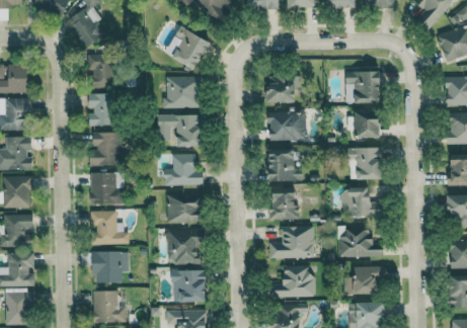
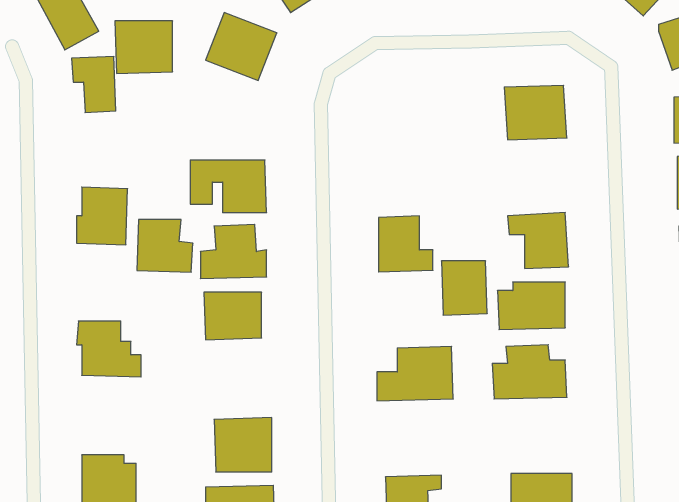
building: [267,76,301,102] -> none
building: [163,77,198,108] -> [115,21,173,73]
building: [88,93,115,126] -> none
building: [356,110,381,138] -> none
building: [268,112,305,141] -> none
building: [89,173,123,204] -> [137,220,193,272]
building: [269,188,297,221] -> [441,261,487,315]
building: [166,230,203,264] -> none
building: [92,251,128,282] -> none
building: [271,265,313,298] -> none
building: [344,266,384,295] -> none

